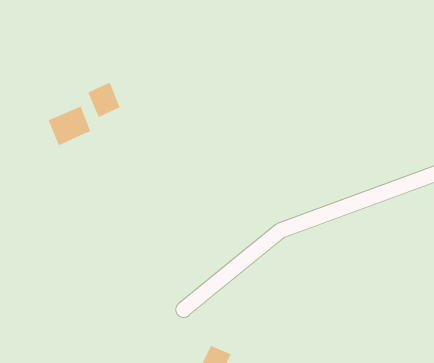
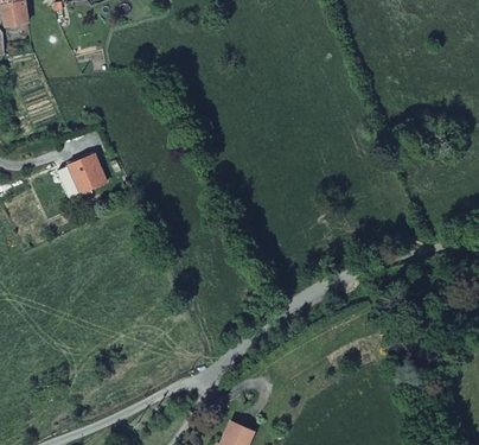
building: [87,82,120,118] -> none

